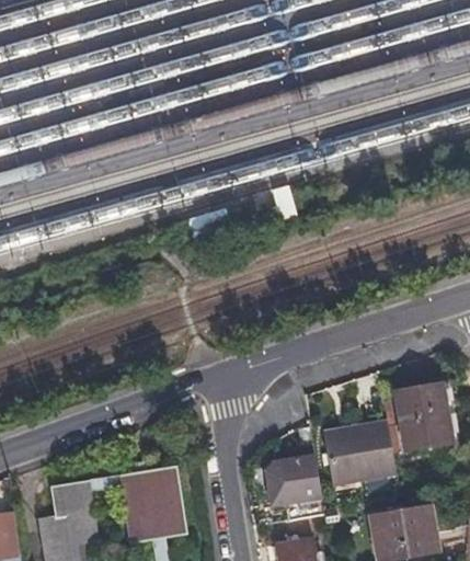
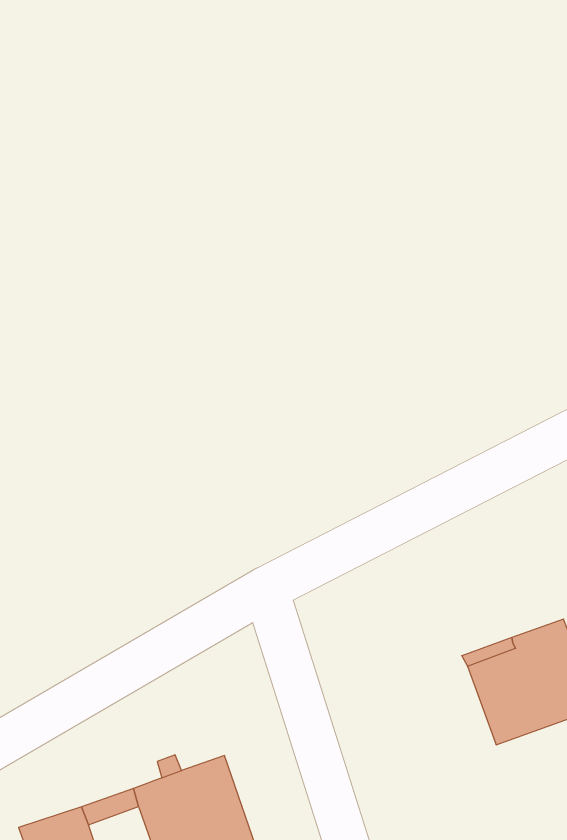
building: [266,457,324,518] -> none

